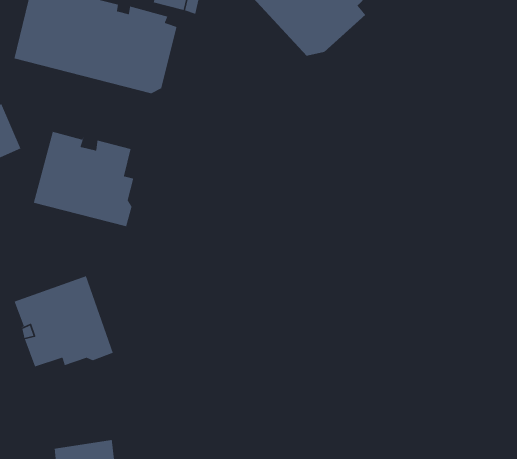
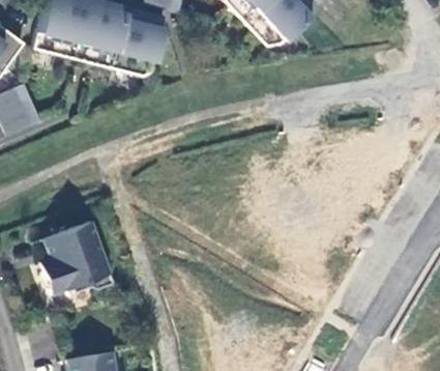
building: [33,131,134,227] -> none

